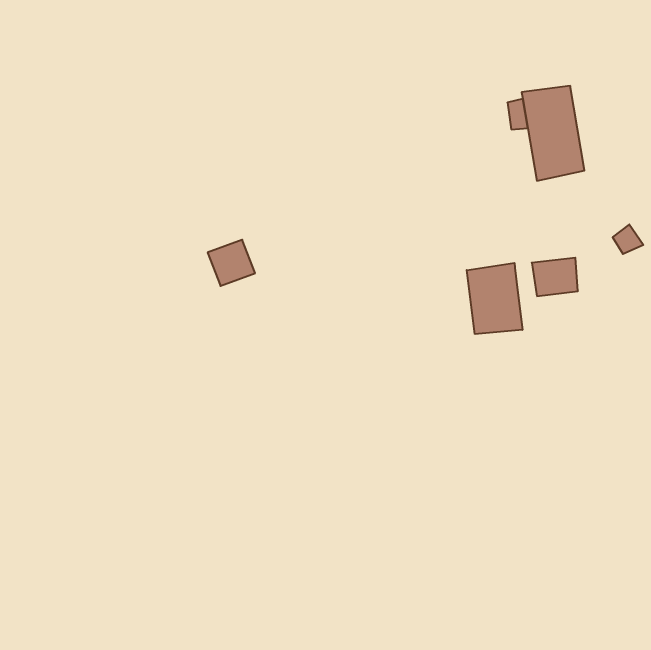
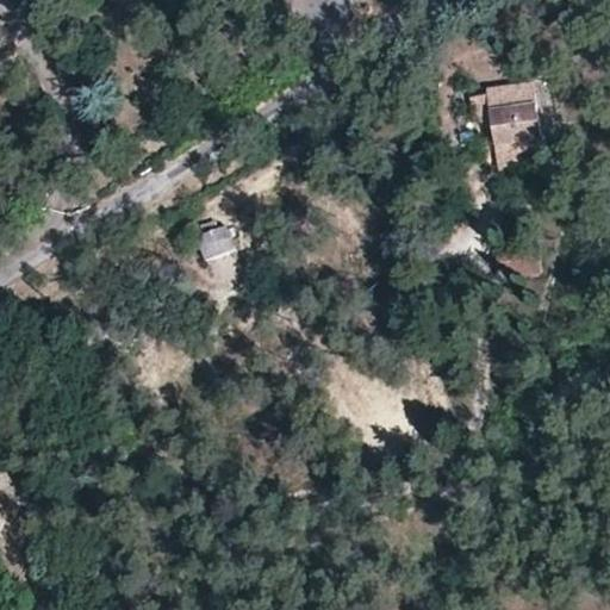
building: [467,263,522,334] -> none

